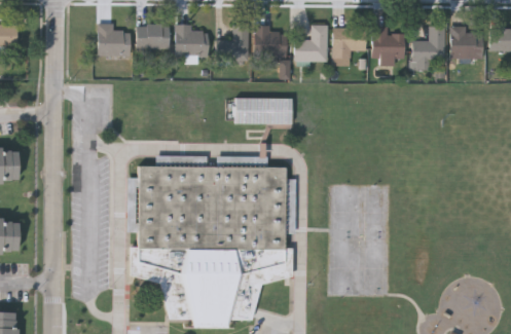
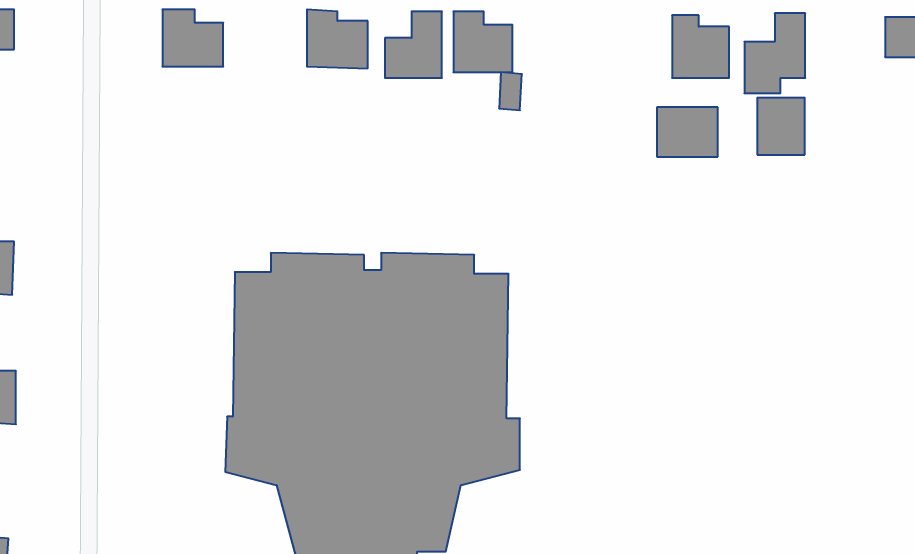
building: [137,26,170,50] -> none
building: [295,26,328,62] -> none
building: [333,28,366,54] -> [657,107,718,157]
building: [451,28,477,59] -> [757,98,805,155]
building: [235,98,292,124] -> none

